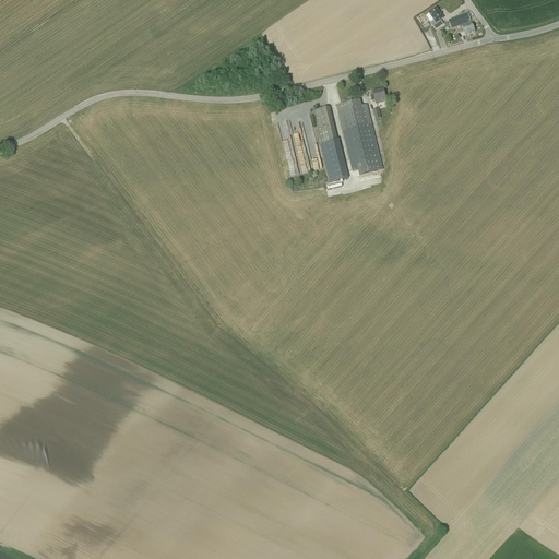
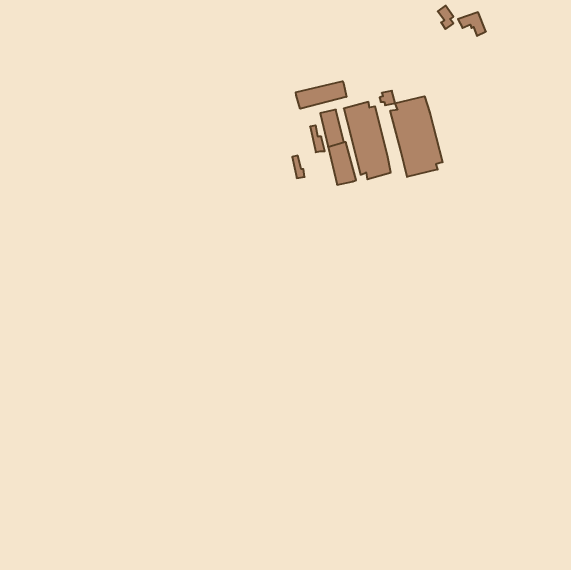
building: none -> [296,81,346,109]
building: none -> [390,96,443,177]

